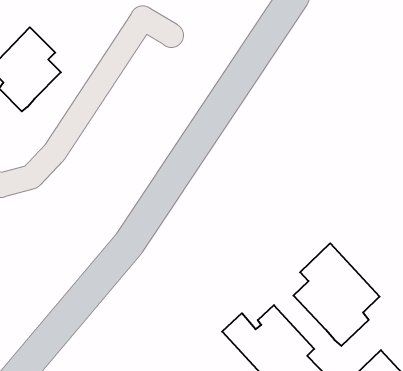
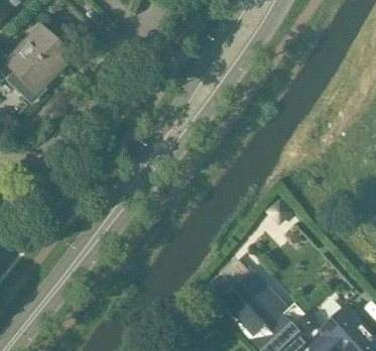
building: [293,243,380,346] -> none

